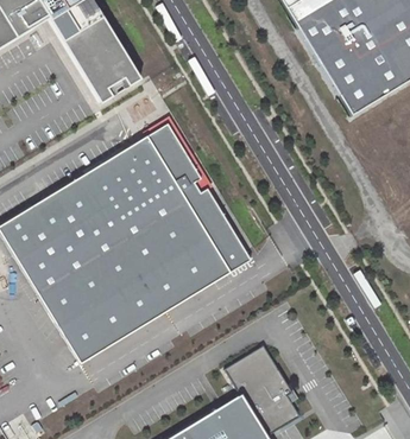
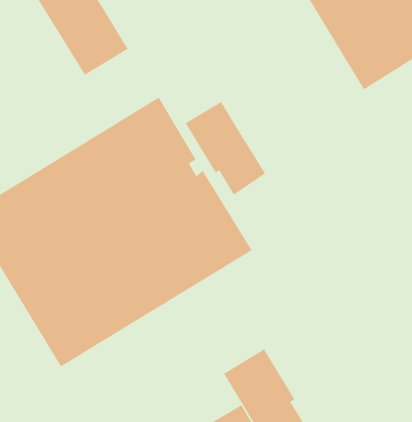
building: none -> [185,101,266,195]

